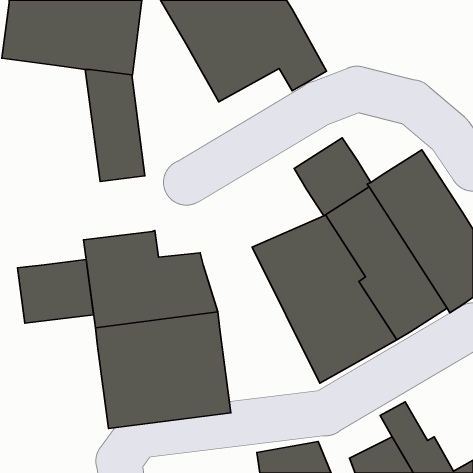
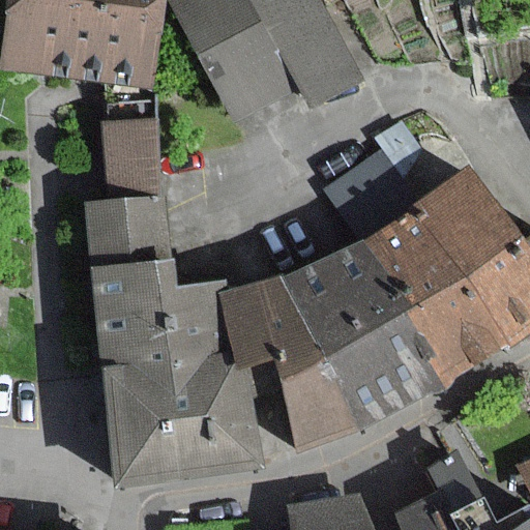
building: none -> [227,276,357,447]
building: [18,259,94,323] -> [85,197,170,268]

